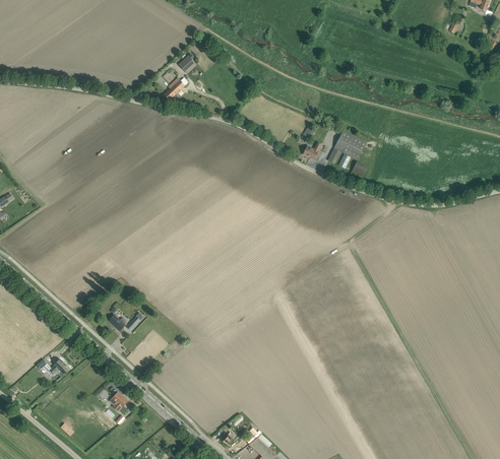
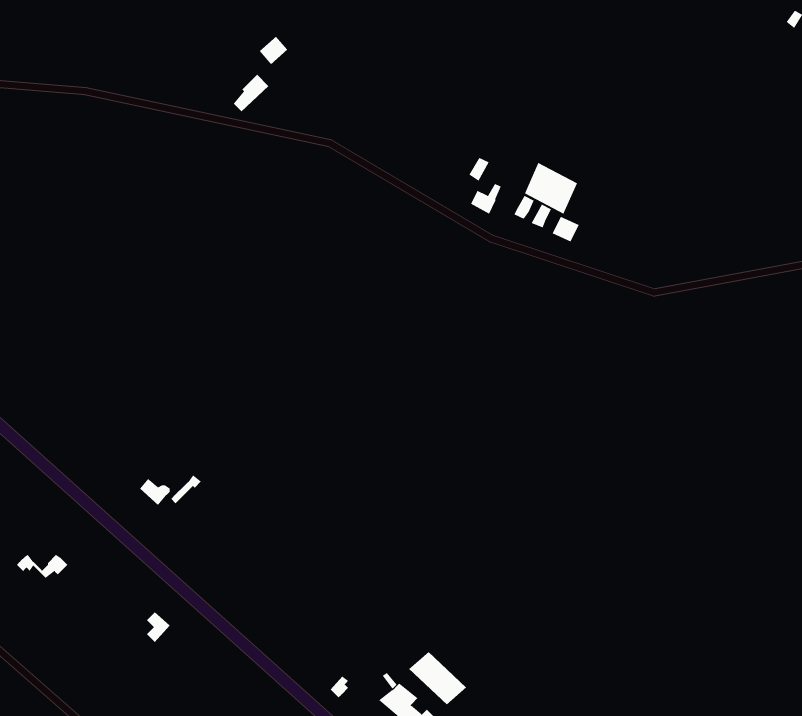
building: none -> [408,651,467,705]

